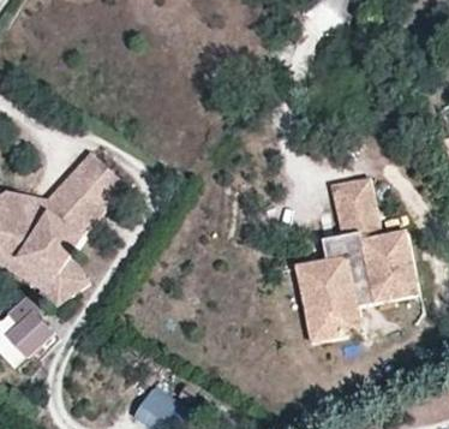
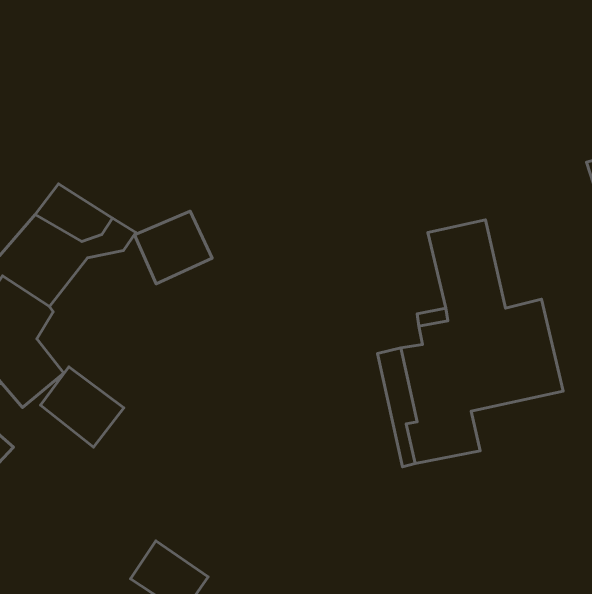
building: none -> [134,211,212,284]
building: none -> [40,367,124,447]

